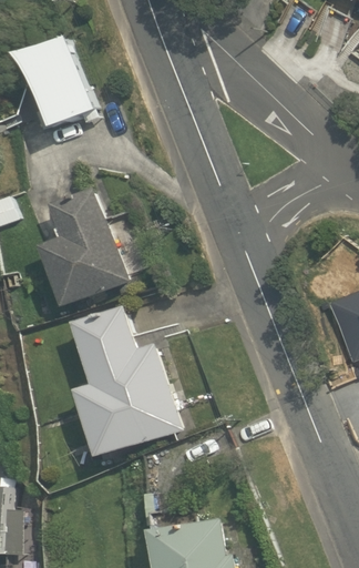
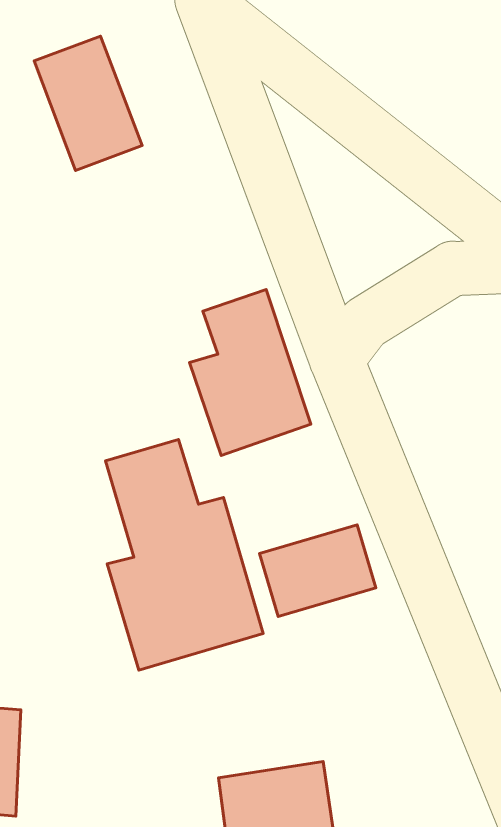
building: [42,193,123,304] -> [190,290,311,456]
building: none -> [259,525,376,616]

